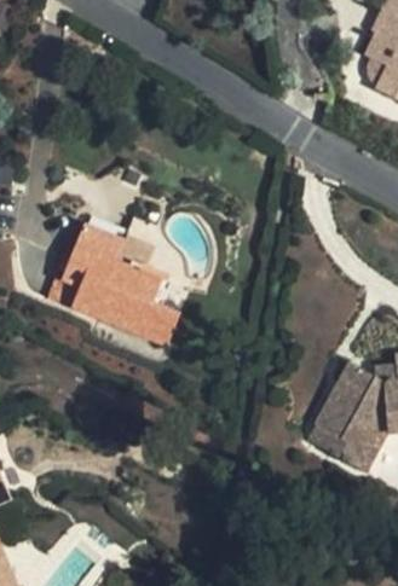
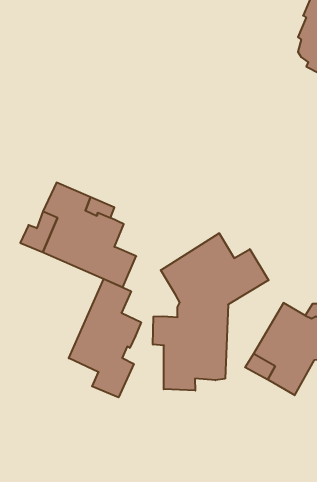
building: none -> [153,233,269,391]
building: none -> [69,279,141,397]

